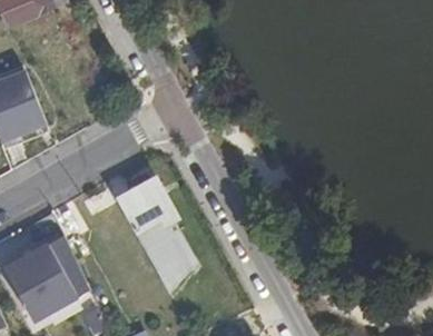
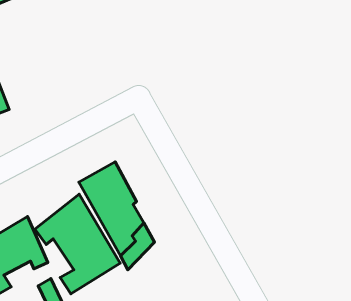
building: none -> [35,194,120,294]

